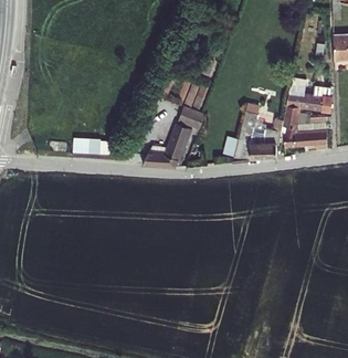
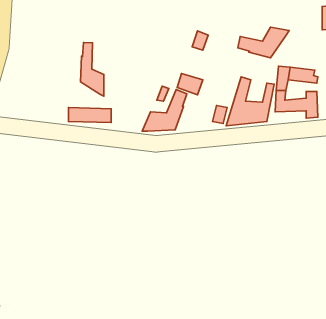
building: none -> [238,27,289,58]
building: none -> [80,43,104,96]

